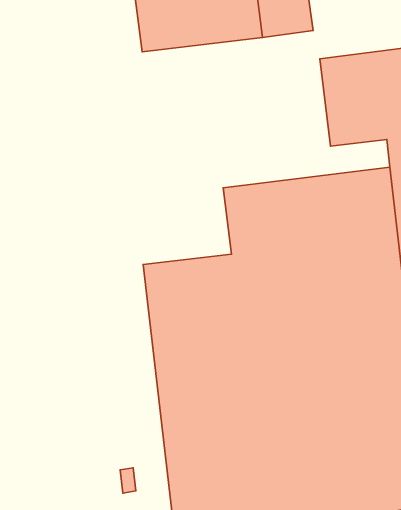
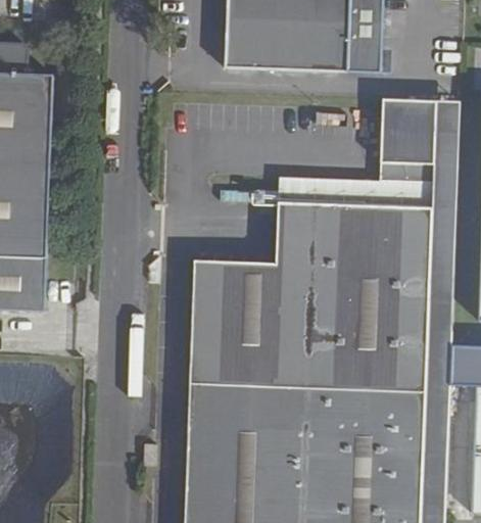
building: none -> [278,177,433,207]

